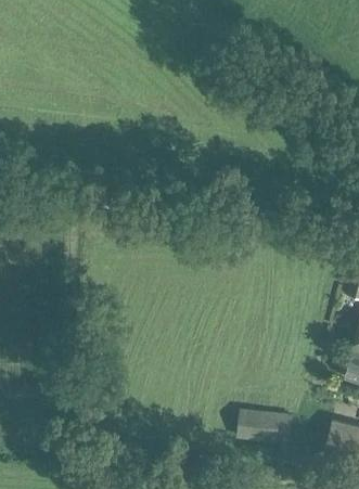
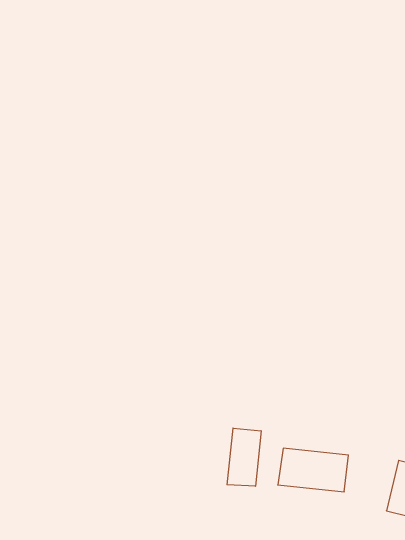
building: none -> [227,428,261,486]

